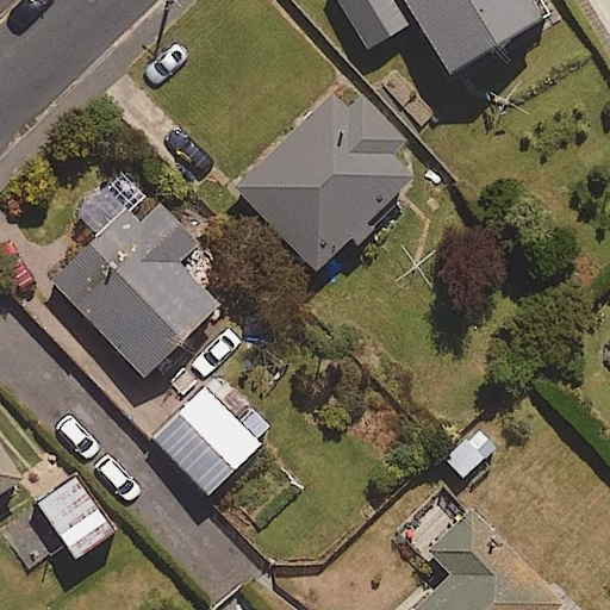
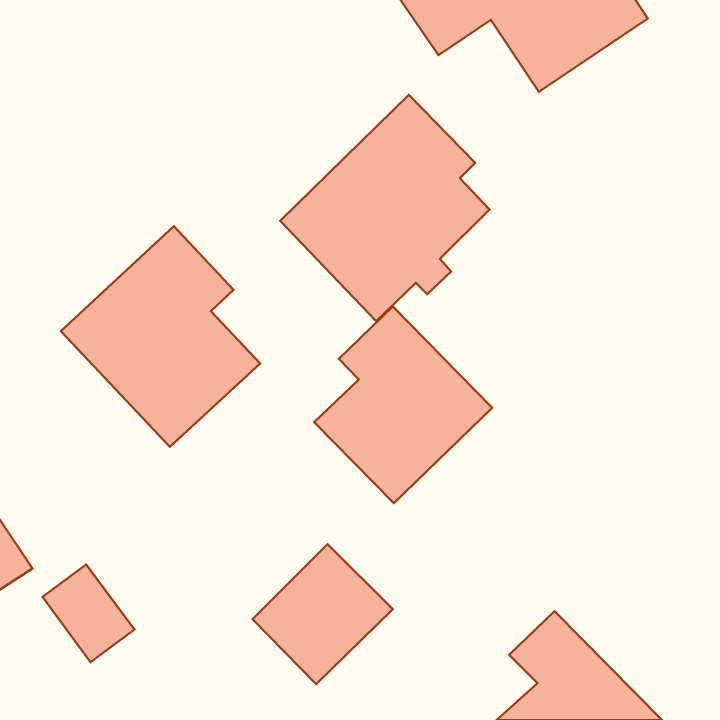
building: none -> [314,307,492,503]
building: [154,375,272,493] -> [253,544,393,684]

